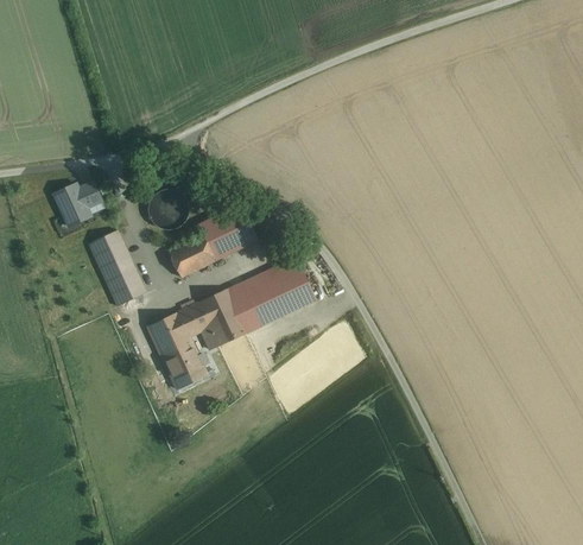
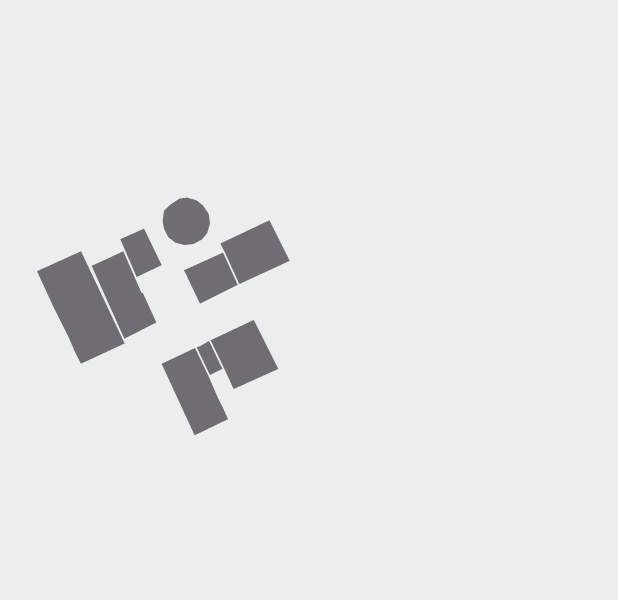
building: [55,184,91,227] -> [119,228,163,278]
building: none -> [36,250,126,365]
building: [228,256,317,332] -> none

